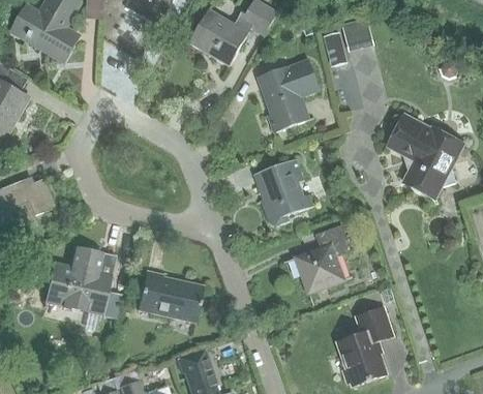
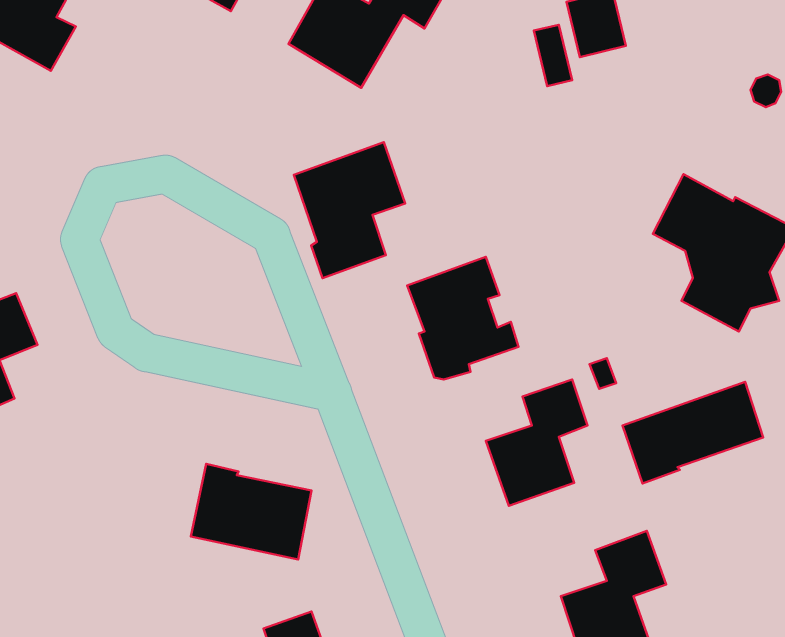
building: [259,58,319,131] -> [294,142,405,278]
building: none -> [622,382,763,484]
building: [43,246,121,320] -> none

